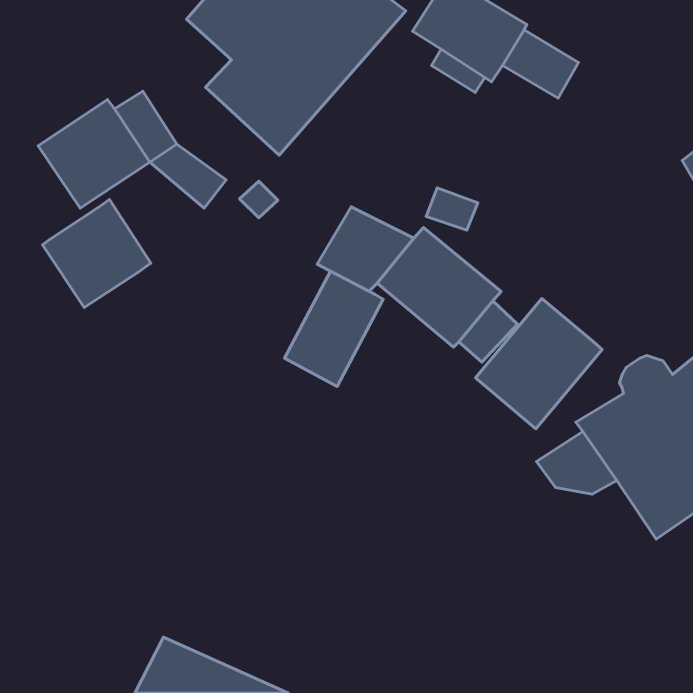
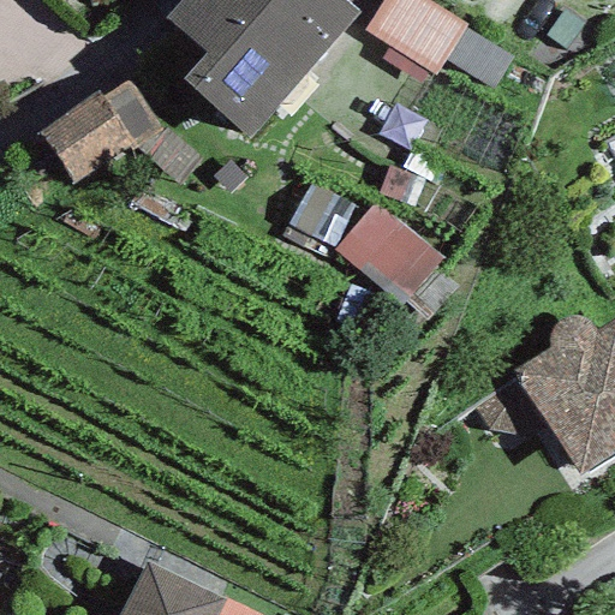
building: [42,200,151,307] -> none
building: [285,271,383,386] -> none
building: [475,298,602,429] -> none

